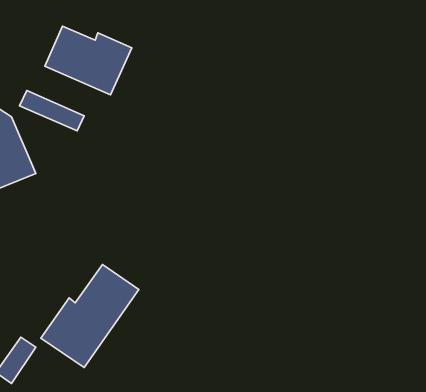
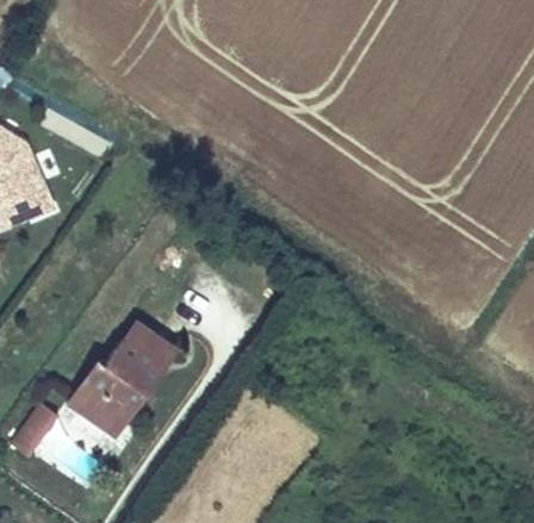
building: [45,26,132,95] -> none

